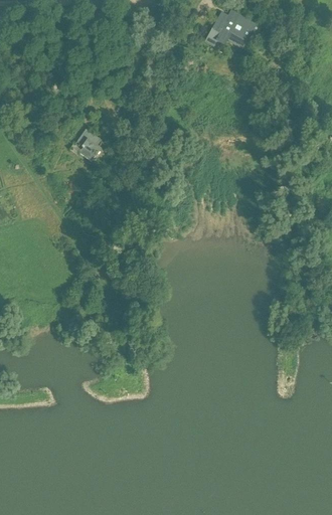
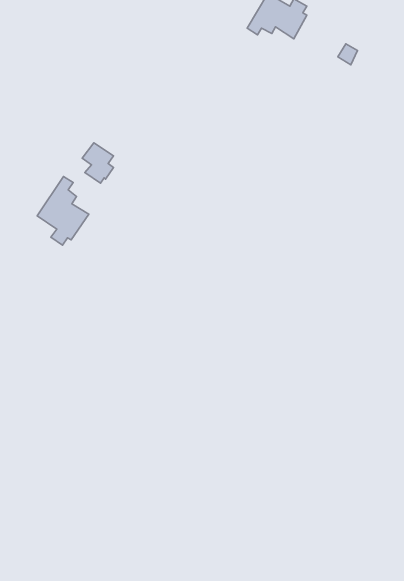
building: none -> [37,176,89,245]

